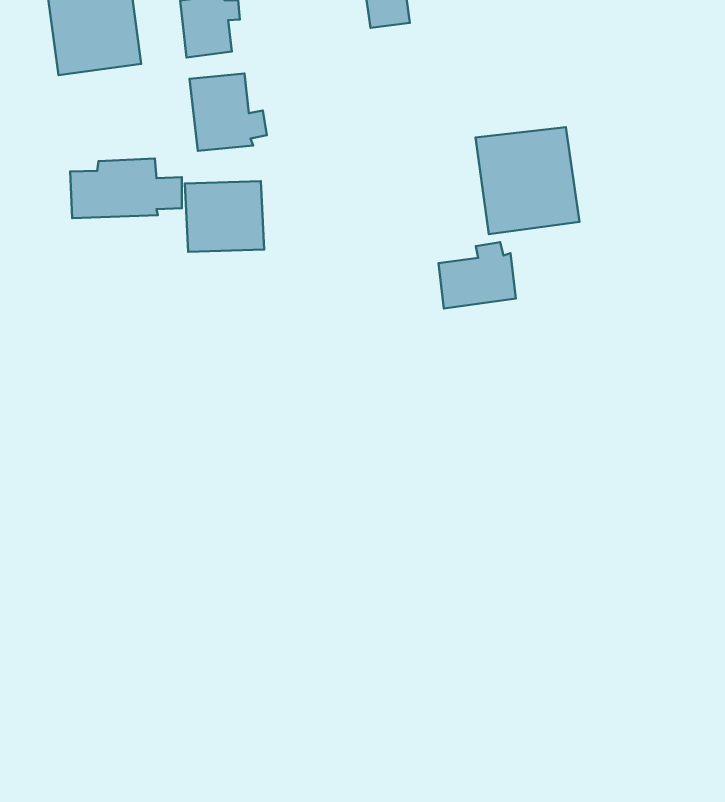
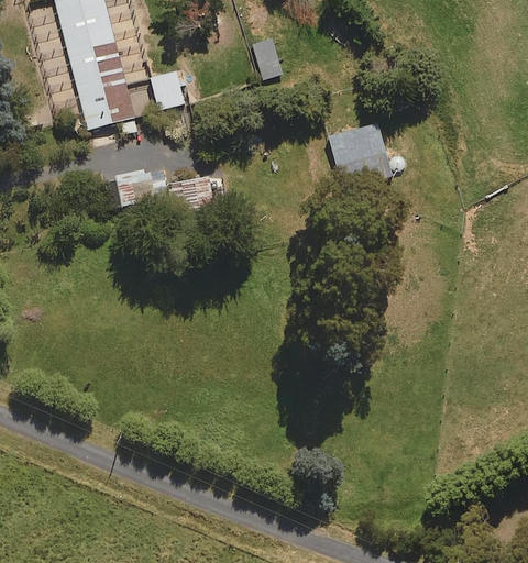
building: [189,73,267,151] -> none
building: [439,242,516,308] -> none

